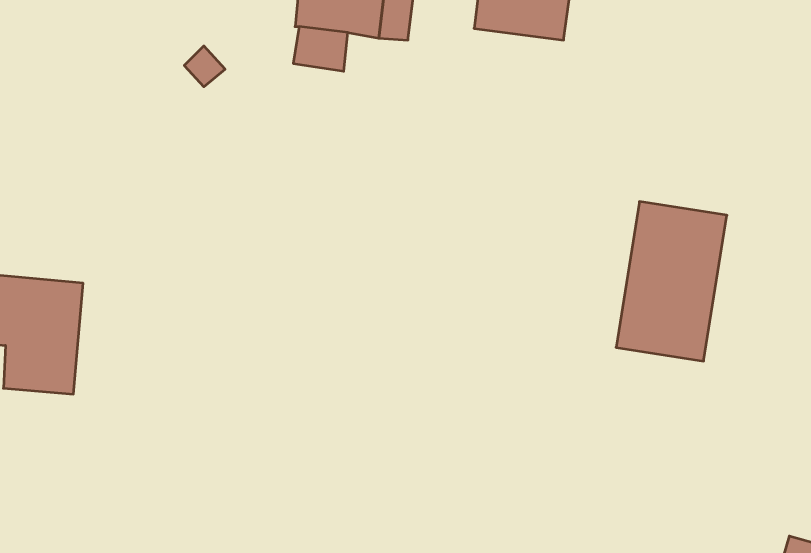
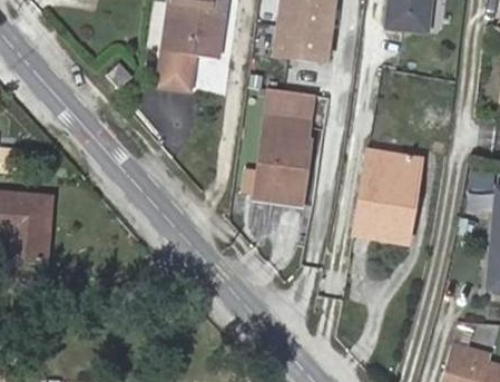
building: none -> [244,88,312,206]

